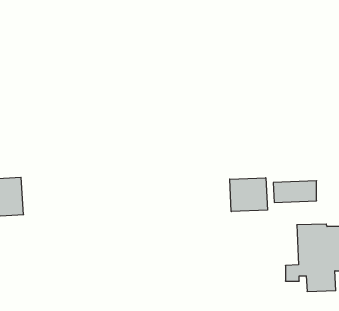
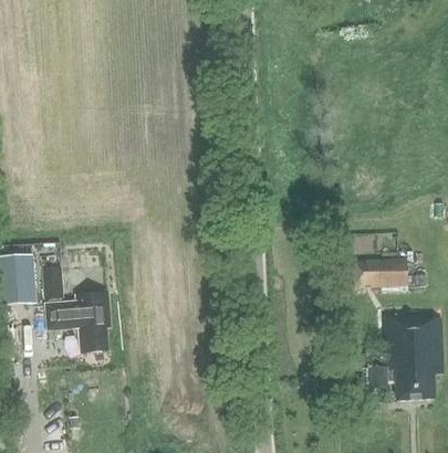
building: [230,178,267,212] -> none
building: none -> [42,267,111,351]

